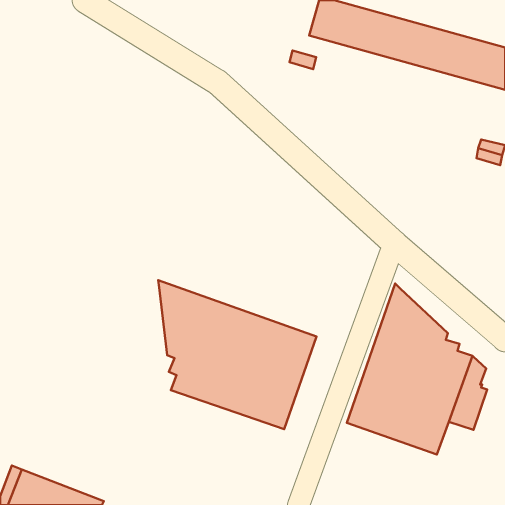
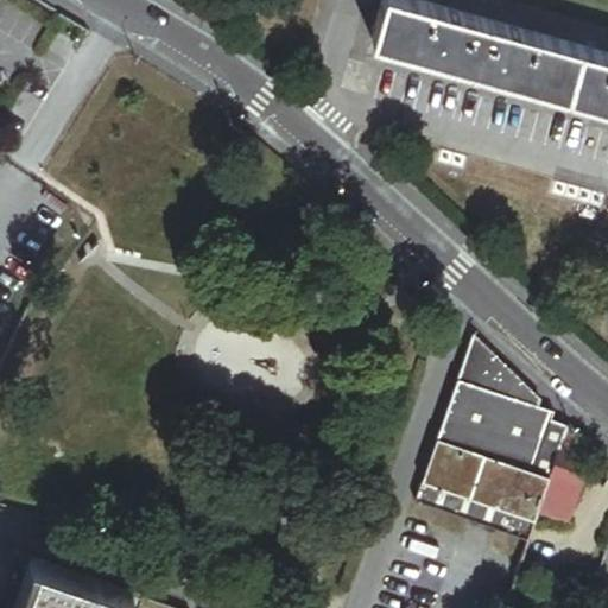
building: [158,280,317,429] -> none

